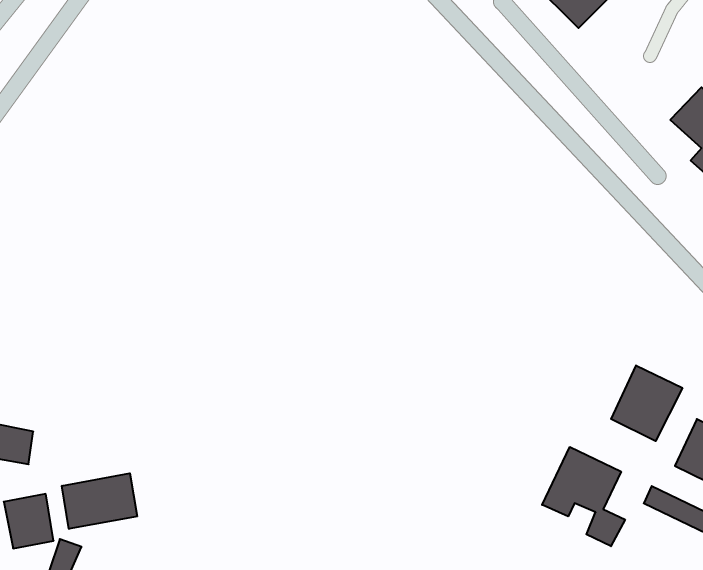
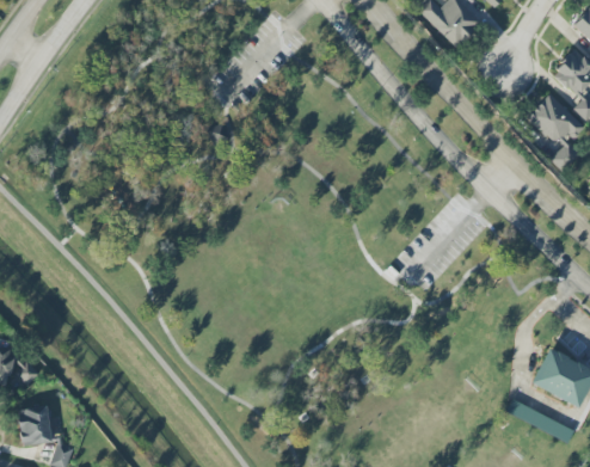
building: [611,365,682,441] -> none
building: [542,447,625,546] -> none
building: [62,473,137,529] -> none

